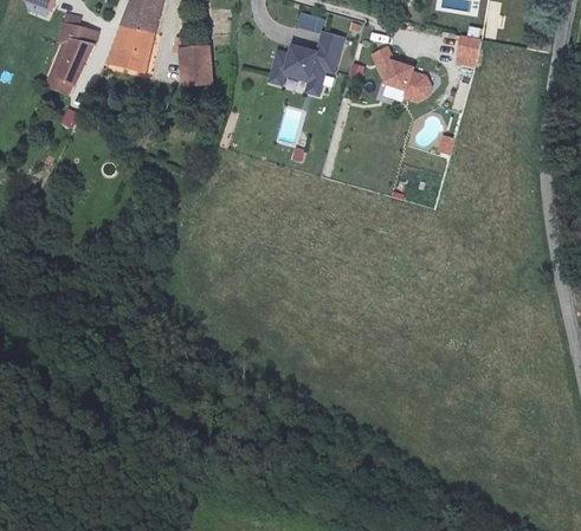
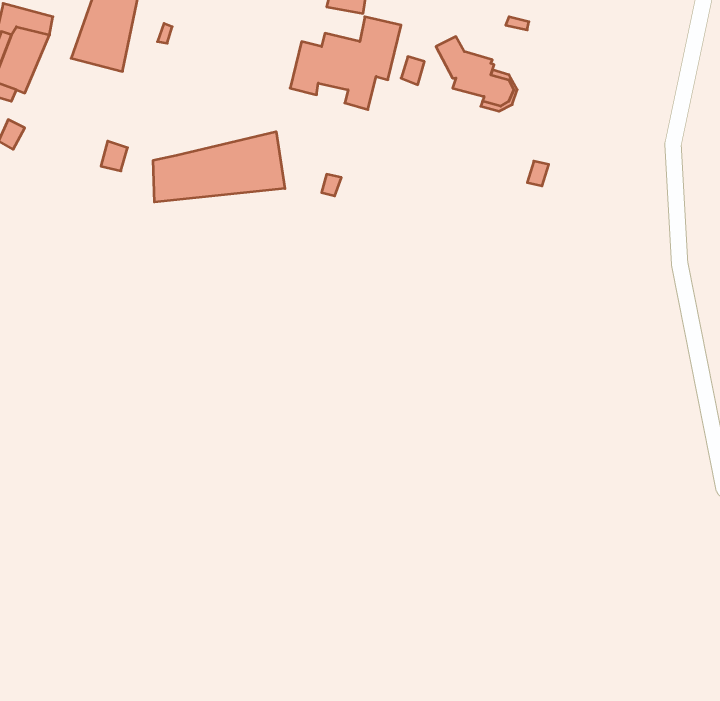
building: [453,35,479,66] -> none
building: [181,48,215,86] -> none
building: none -> [153,132,285,202]

